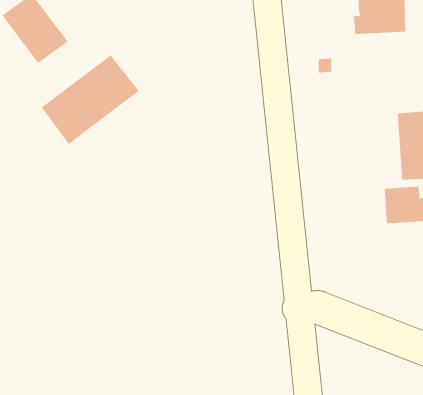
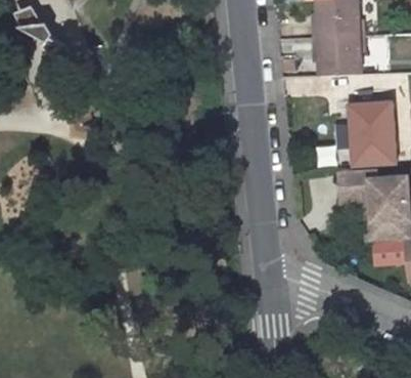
building: none -> [314,36,364,77]
building: [41,55,140,145] -> none

